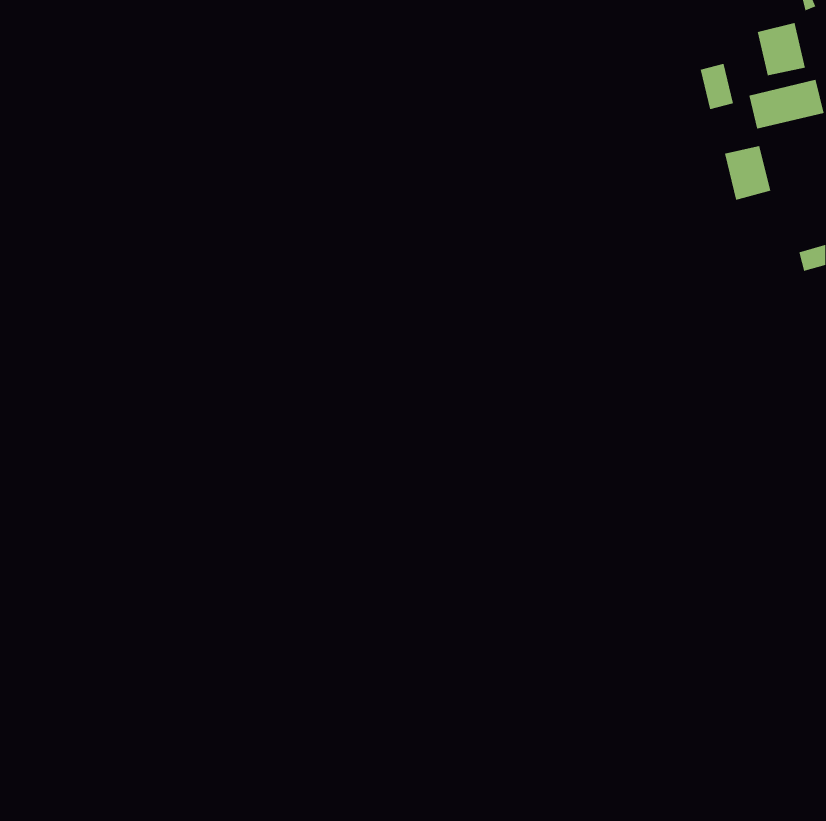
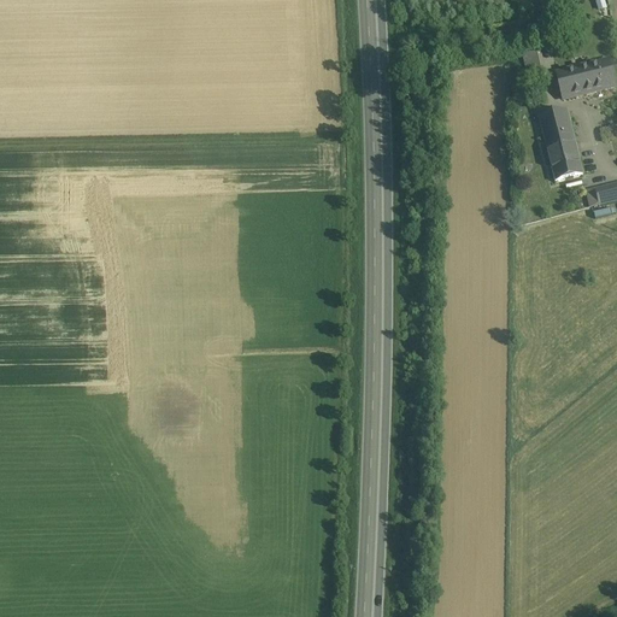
building: [757,22,806,76] -> none
building: none -> [548,142,583,180]

